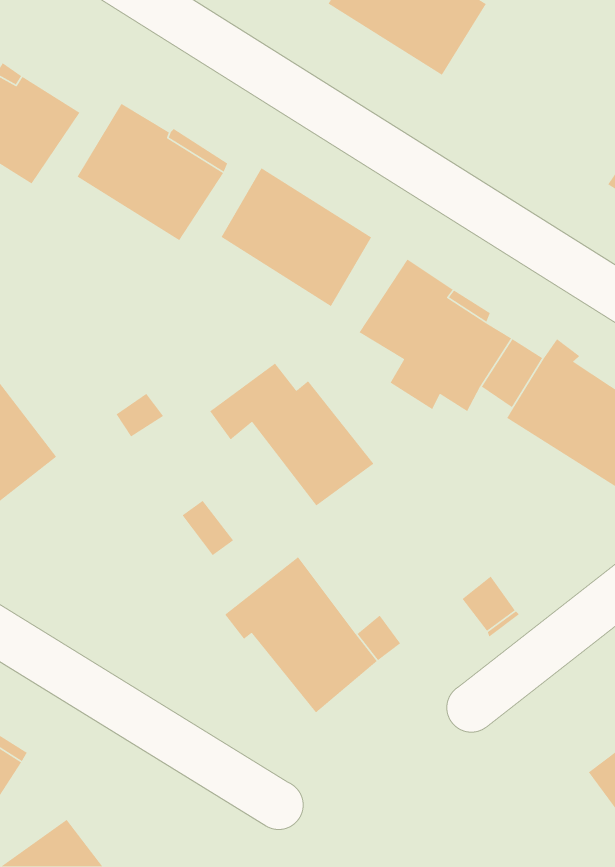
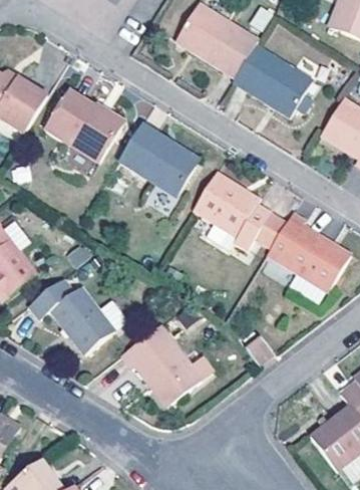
building: none -> [233,44,313,115]
building: [209,363,374,507] -> [29,278,114,352]

